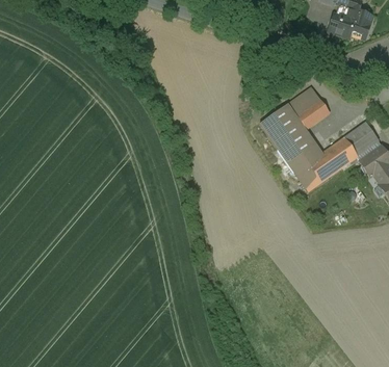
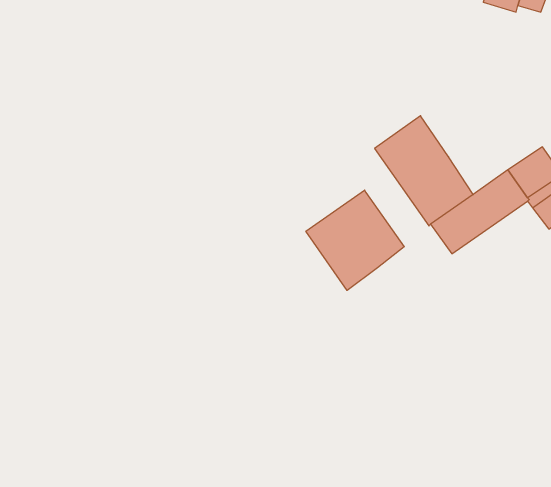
building: [288,86,329,129] -> none
building: none -> [306,190,404,290]

